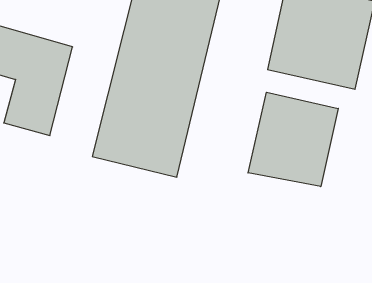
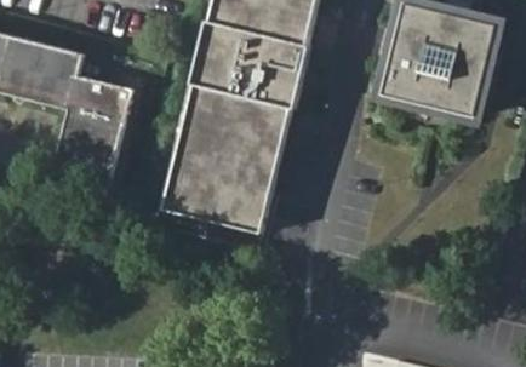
building: [248,92,338,187] -> none

